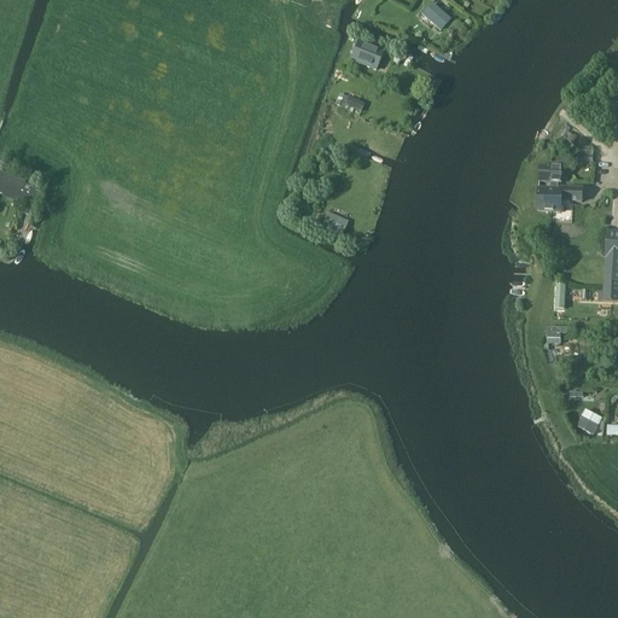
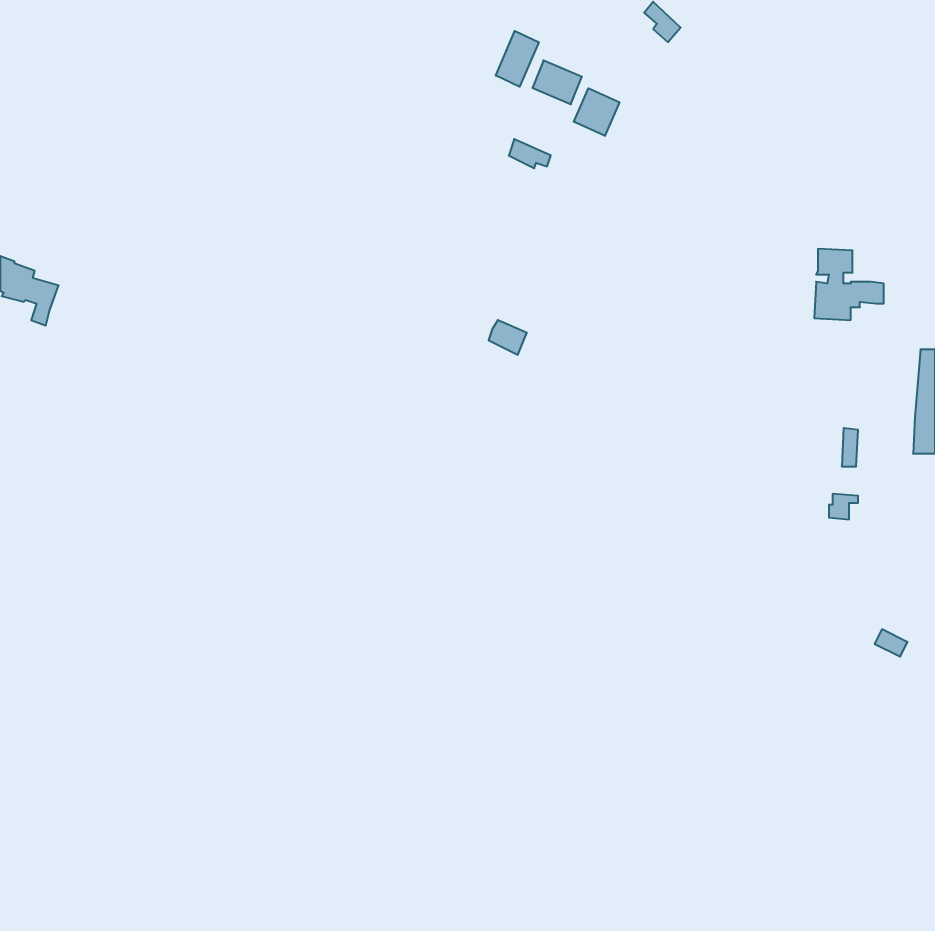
building: none -> [496,31,539,87]
building: none -> [574,88,619,136]

